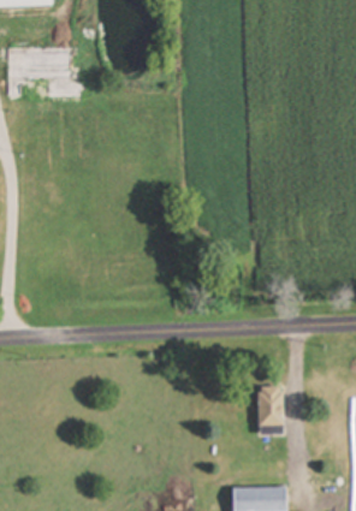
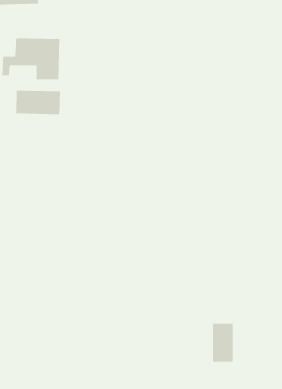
building: none -> [15,90,61,115]

